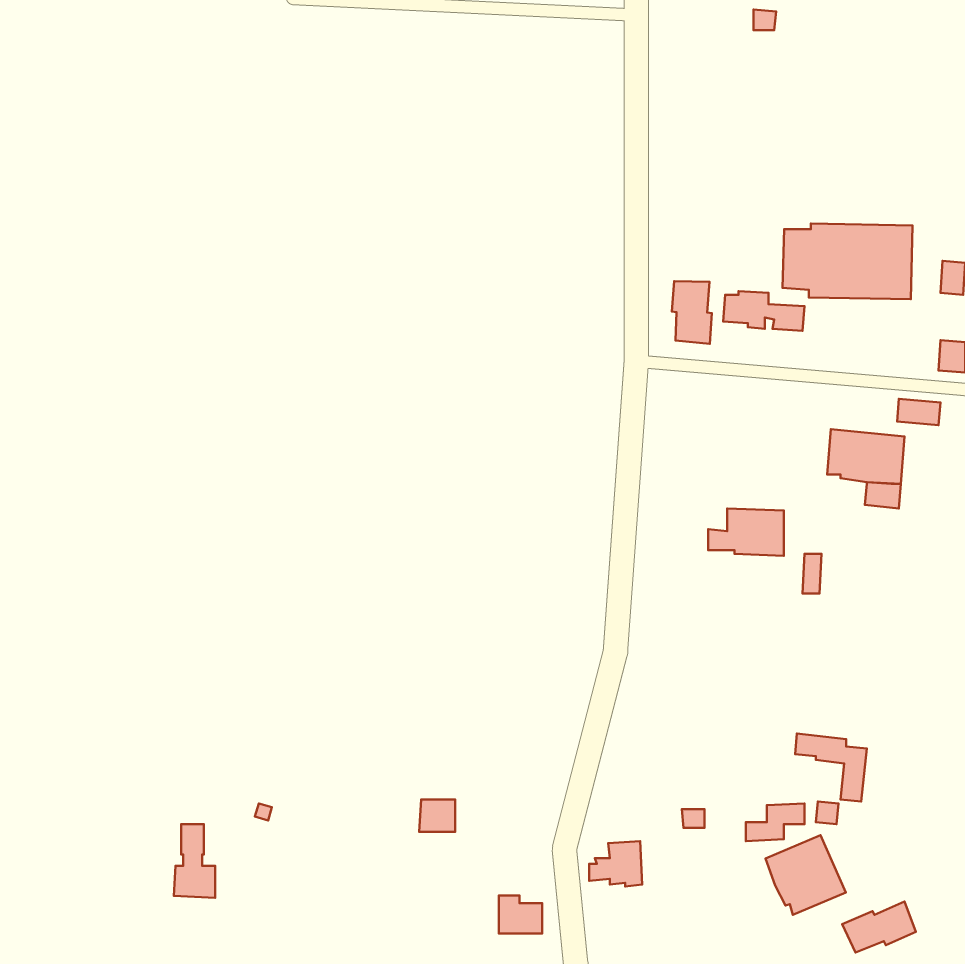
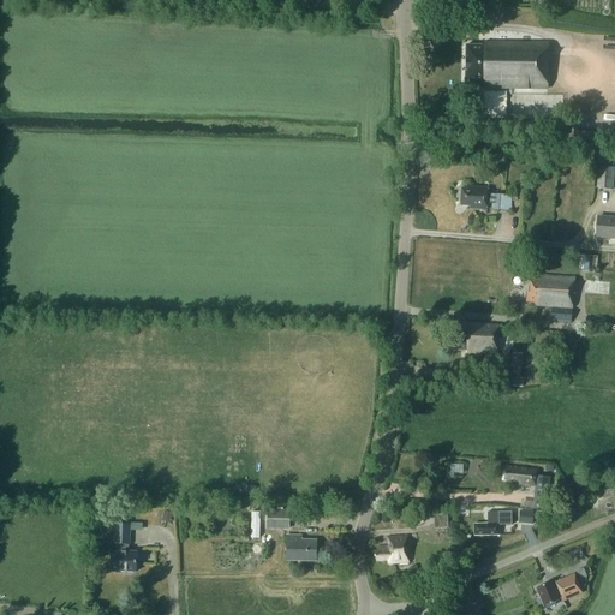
building: [782,224,913,299] -> [466,41,549,89]
building: [672,281,712,344] -> none
building: [765,835,846,915] -> none
building: [499,896,542,933] -> [288,535,316,559]

